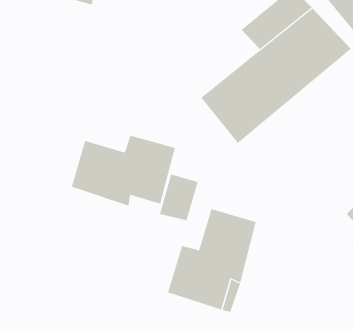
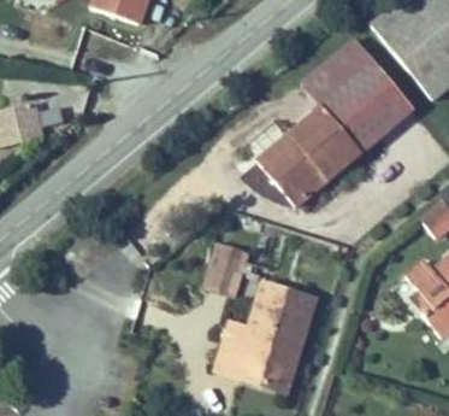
building: [71,135,176,207] -> none

